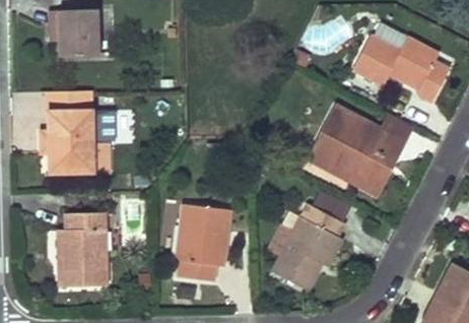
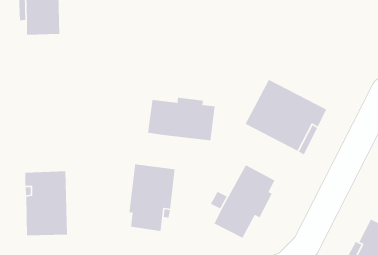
building: [352,36,449,102] -> none
building: [40,90,113,173] -> none
building: none -> [147,97,216,141]

